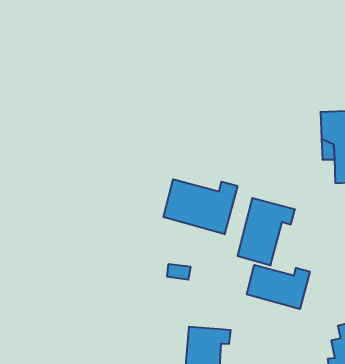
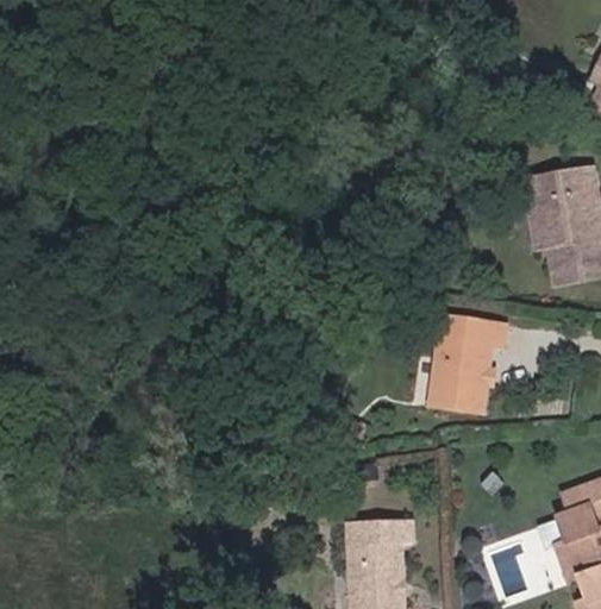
building: [164,179,237,234] -> none
building: [247,265,310,309] -> none

